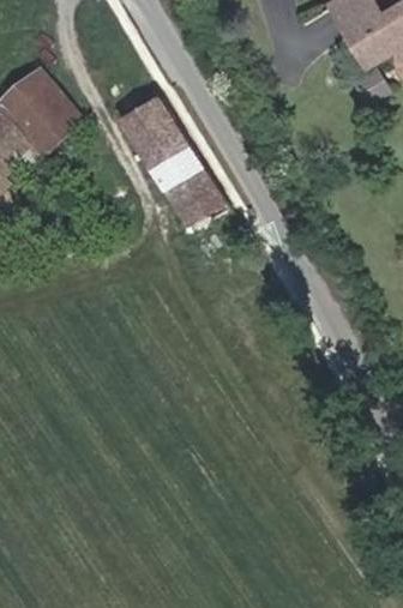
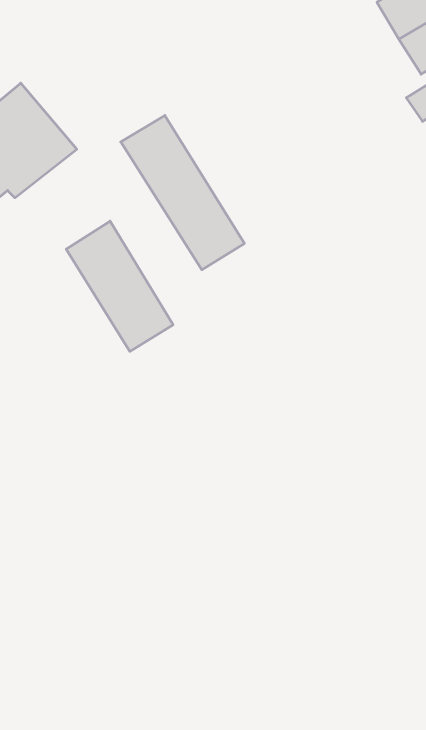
building: none -> [66,221,173,351]

